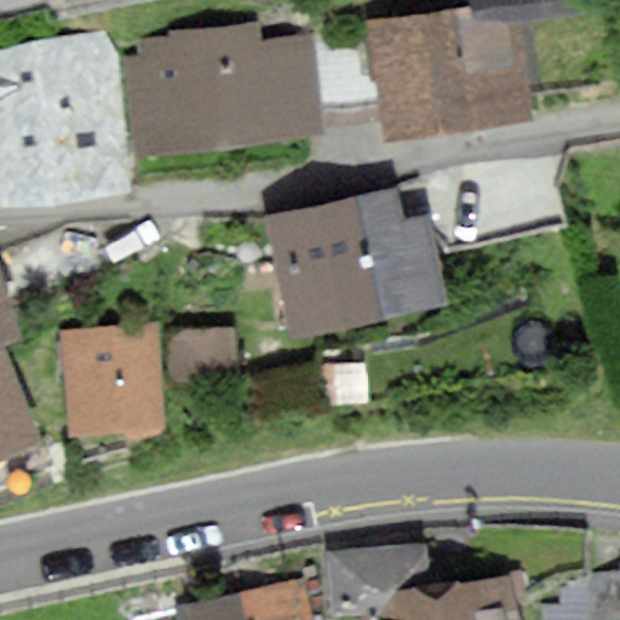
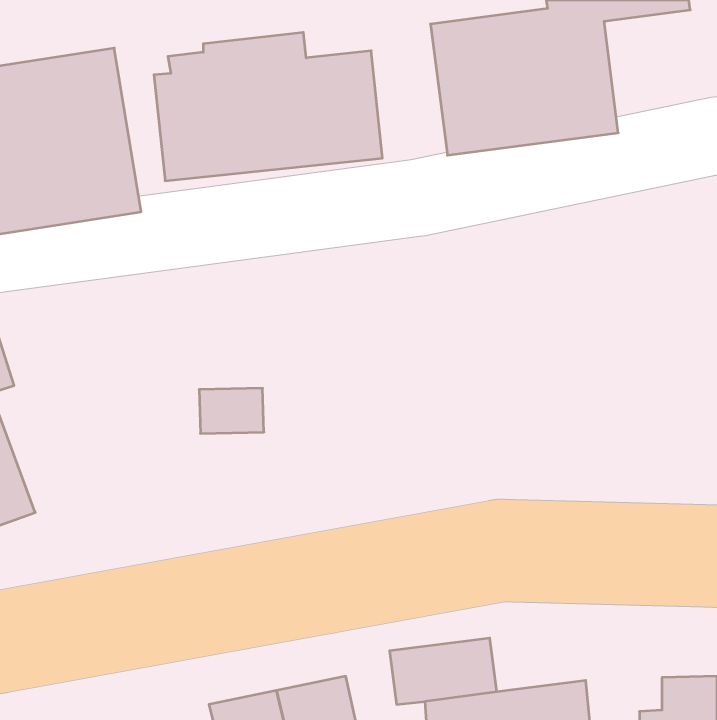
building: [270,193,438,327] -> none
building: [64,328,157,427] -> none

